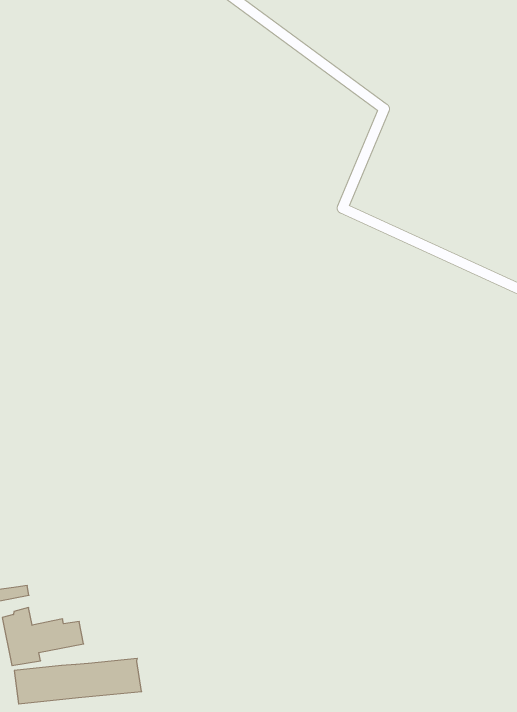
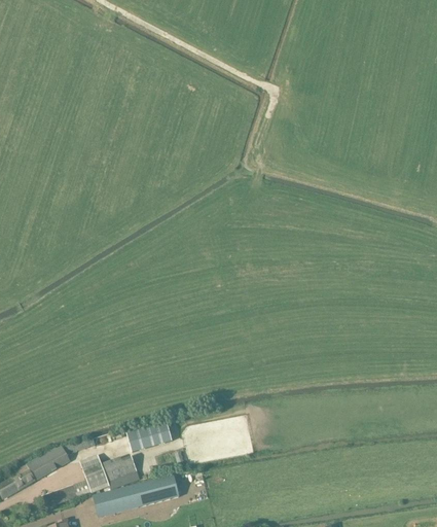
building: none -> [128,422,172,451]

